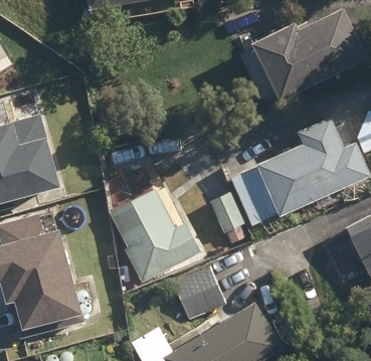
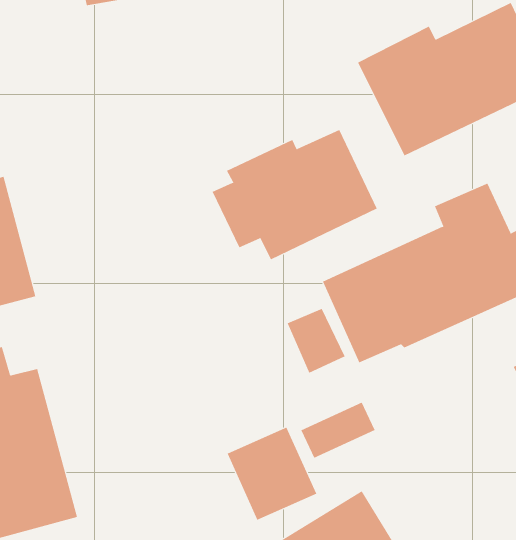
building: none -> [212,129,378,260]
building: [108,188,200,284] -> none

